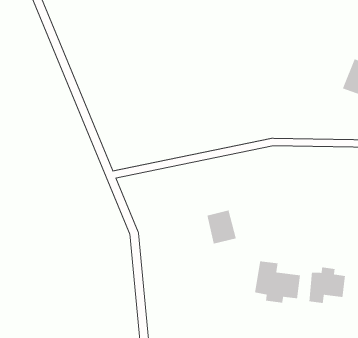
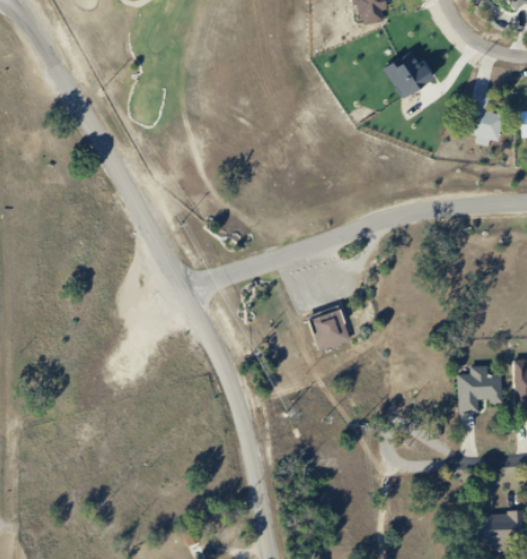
building: none -> [386,53,437,105]
building: [254,260,301,304] -> none

